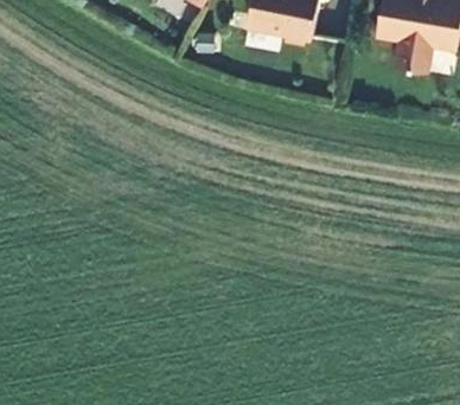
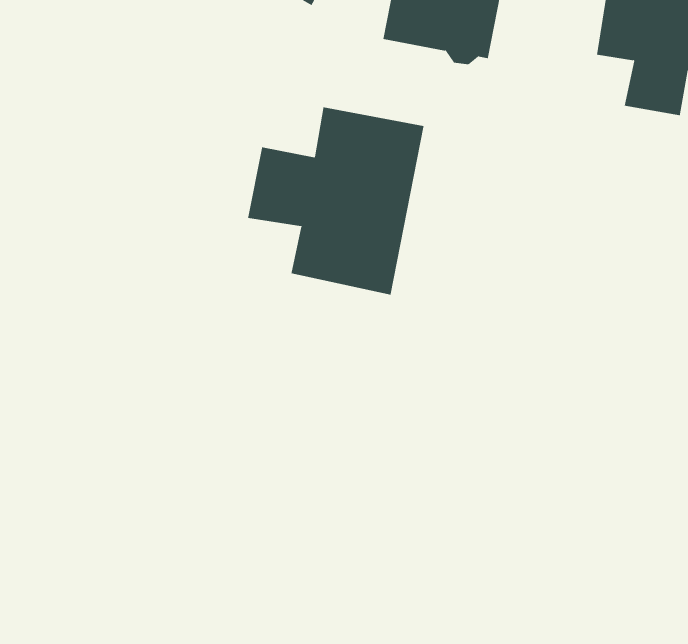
building: none -> [247,106,424,295]

